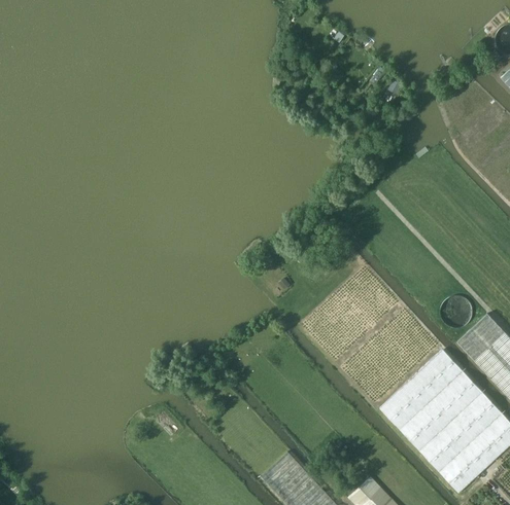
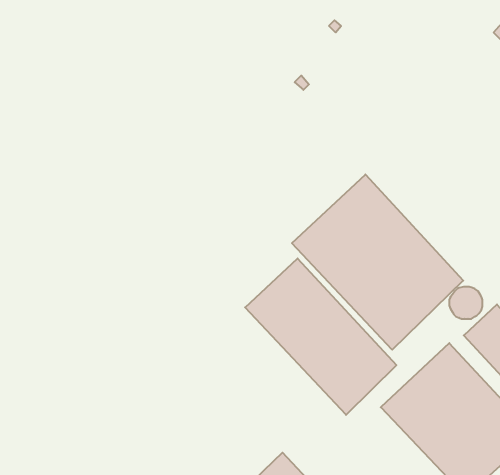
building: none -> [292,174,463,350]
building: none -> [245,258,396,415]

